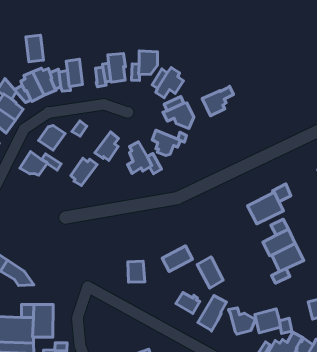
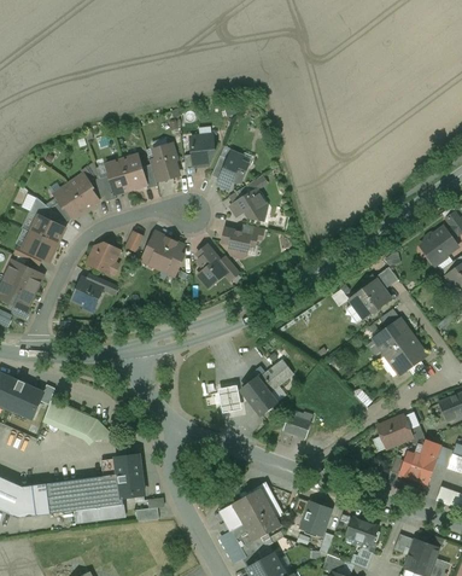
building: [26,35,44,62] -> [121,155,146,188]
building: [202,86,234,116] -> none
building: [71,158,97,186] -> [142,234,171,267]
building: [197,257,223,288] -> [241,377,275,414]
building: [198,295,226,331] -> none
building: [229,308,256,334] -> none

